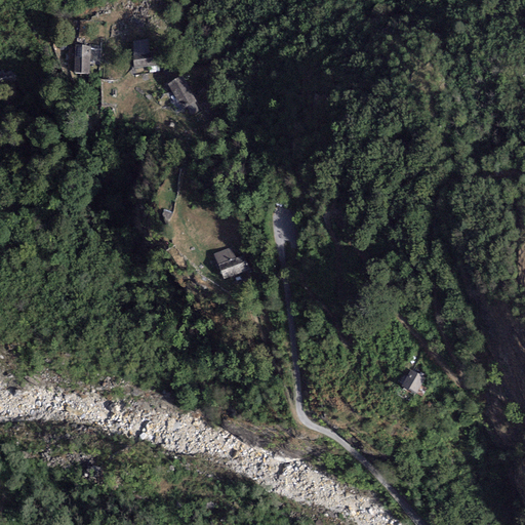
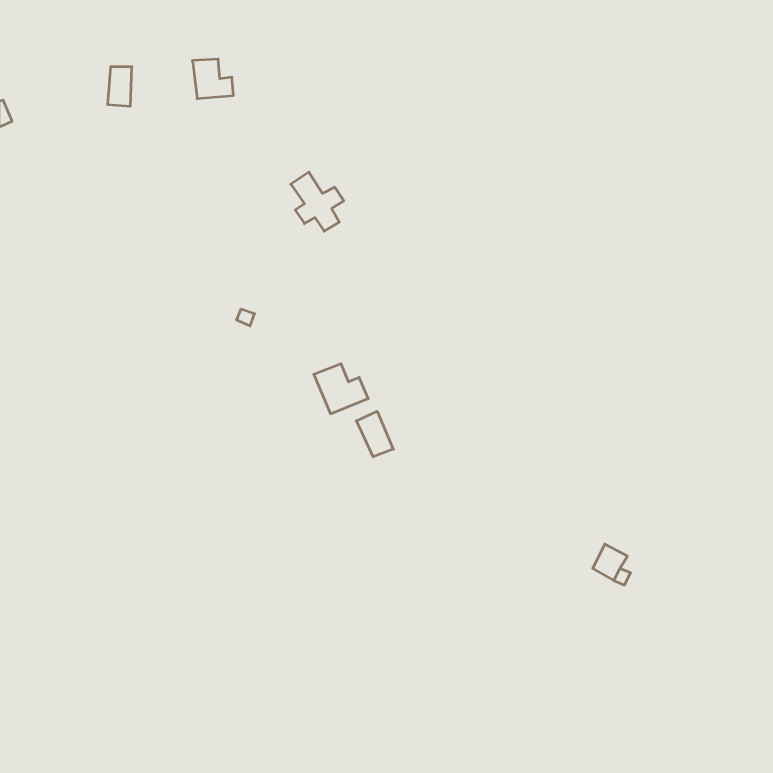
building: [167,76,203,116] -> [291,172,344,231]
building: none -> [356,411,393,457]

